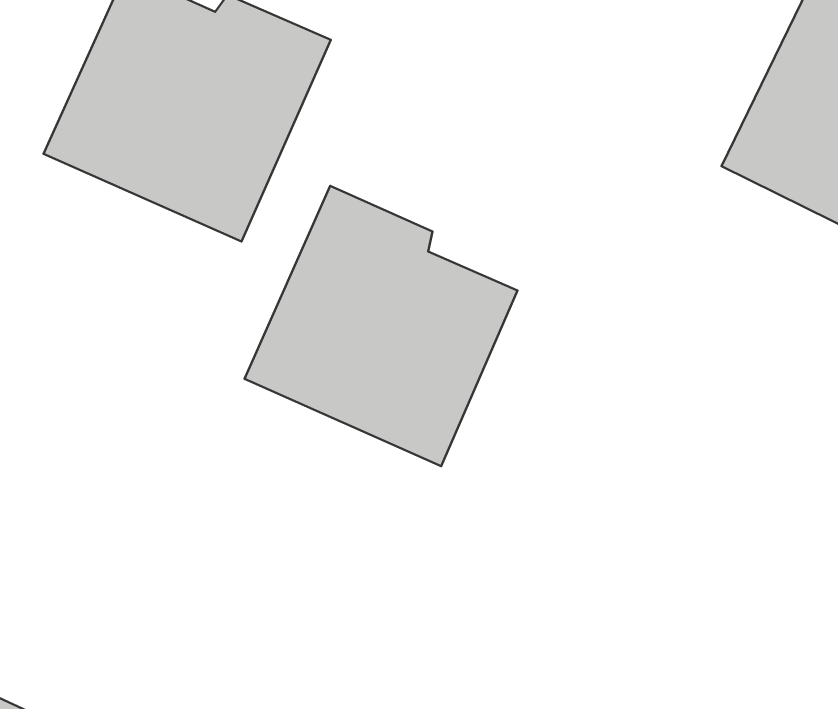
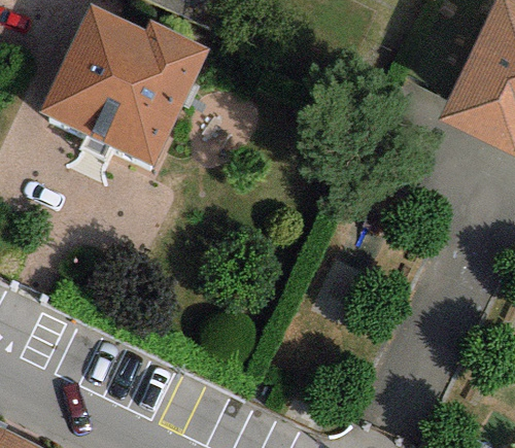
building: [245,186,517,466] -> none

